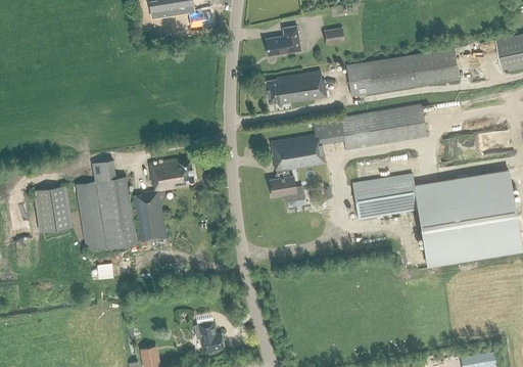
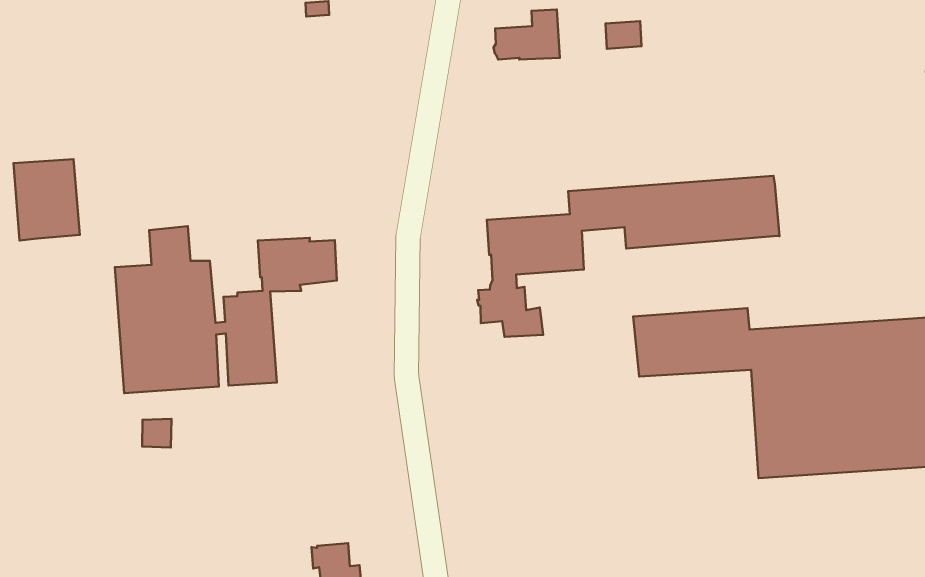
building: [348,49,460,95] -> none
building: [266,72,326,104] -> none
building: [34,187,73,233] -> [13,159,80,241]

